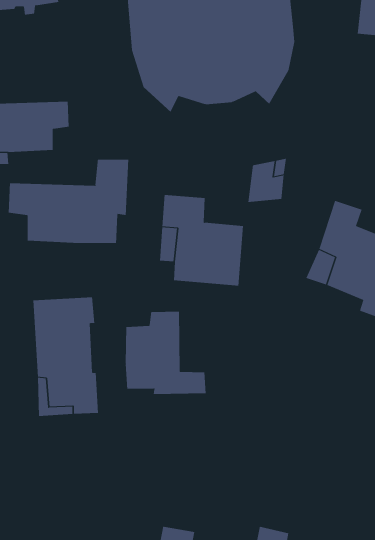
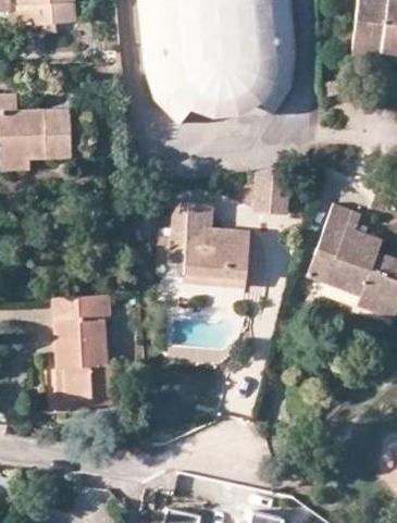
building: [8,159,129,244] -> none
building: [125,311,206,395] -> none

